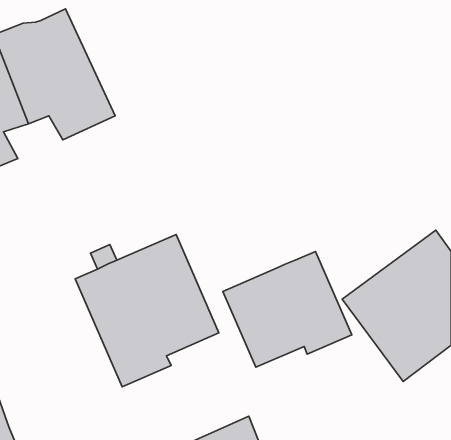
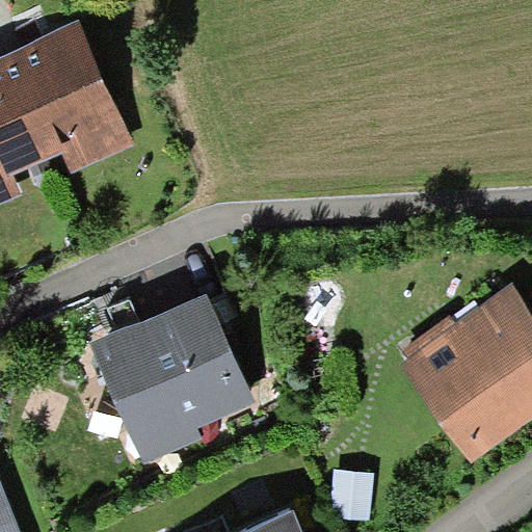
building: [223,252,352,367] -> none

